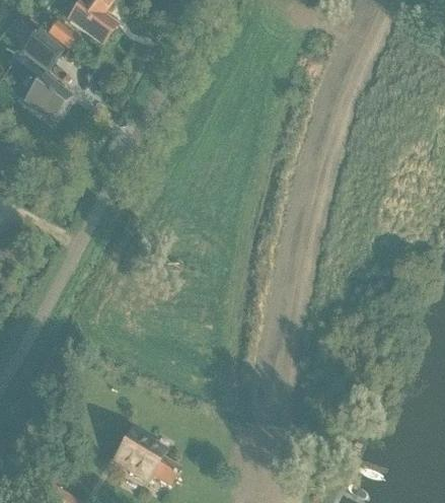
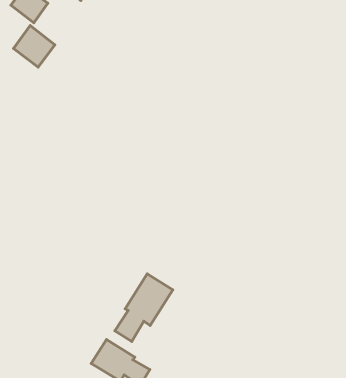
building: none -> [115,274,173,342]

